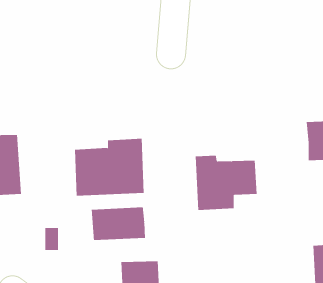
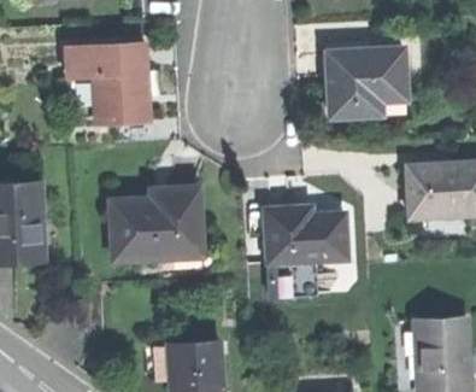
building: none -> [66,43,151,121]
building: none -> [328,48,406,117]
building: [91,207,145,241] -> none

